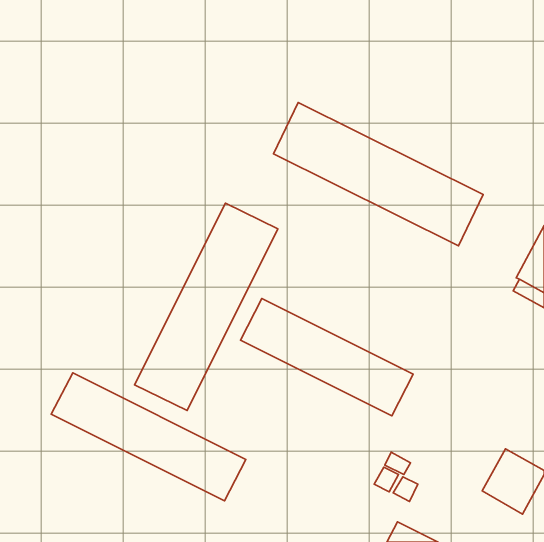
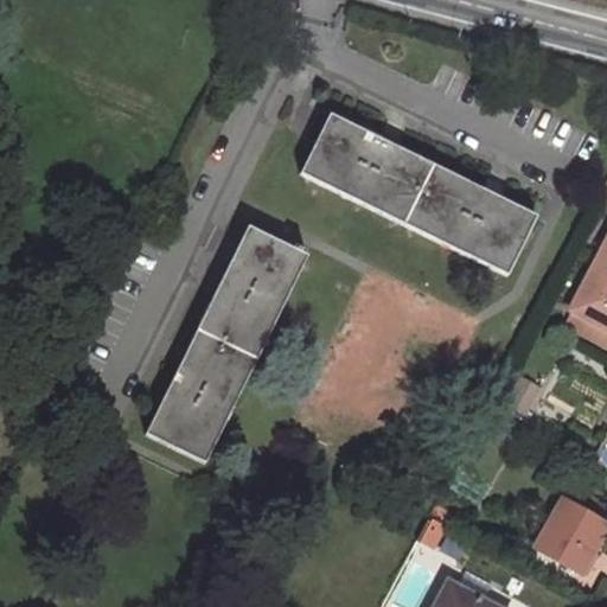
building: [241,298,413,416] -> none
building: [51,373,246,501] -> none

